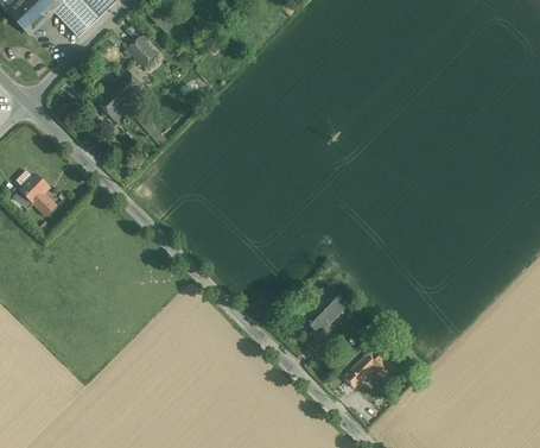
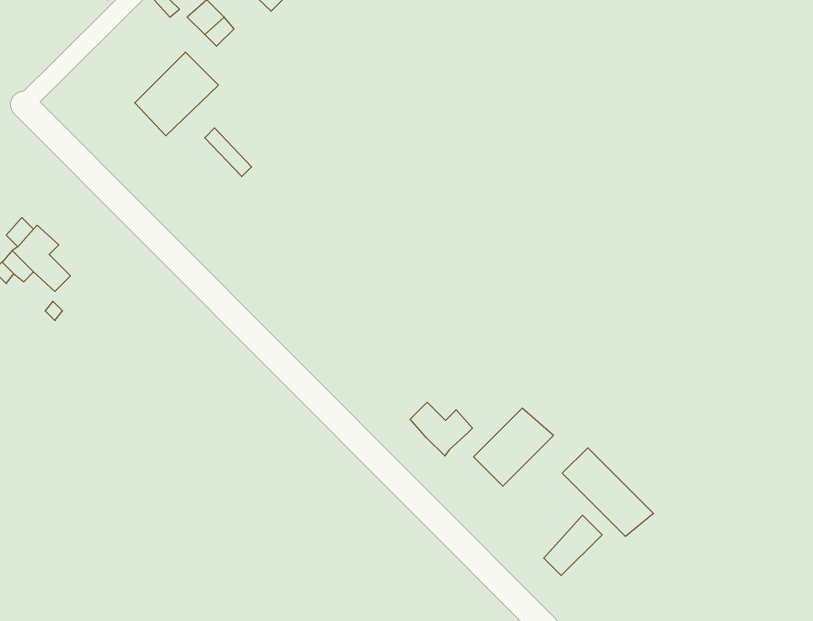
building: none -> [410,402,472,456]
building: none -> [562,448,654,536]

